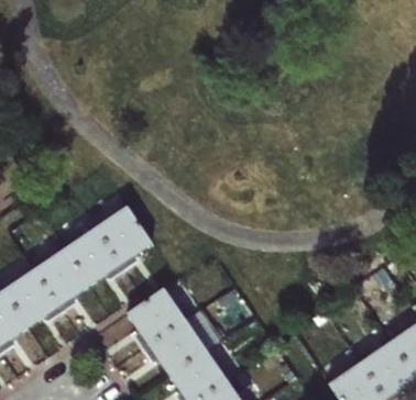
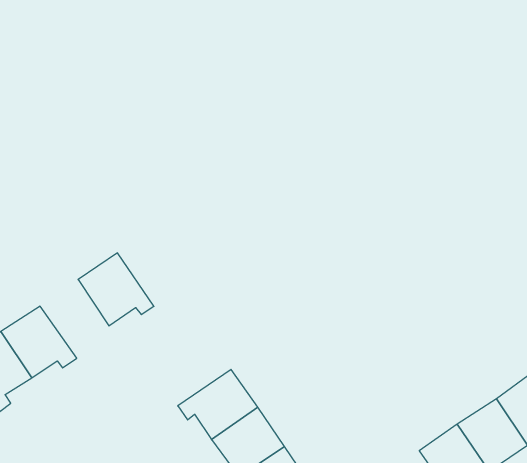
building: [95,205,151,268] -> none
building: [34,247,88,309] -> none
building: [127,287,184,346] -> none

